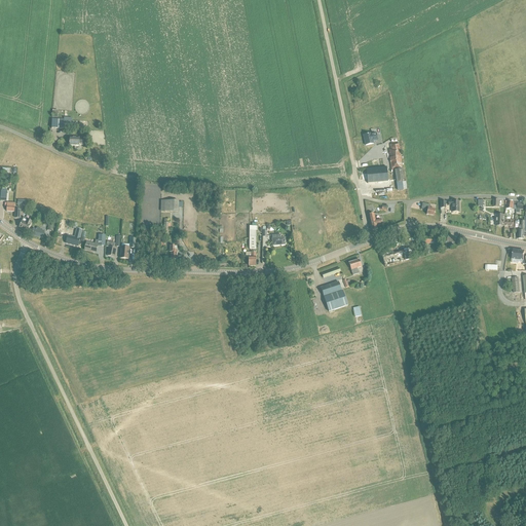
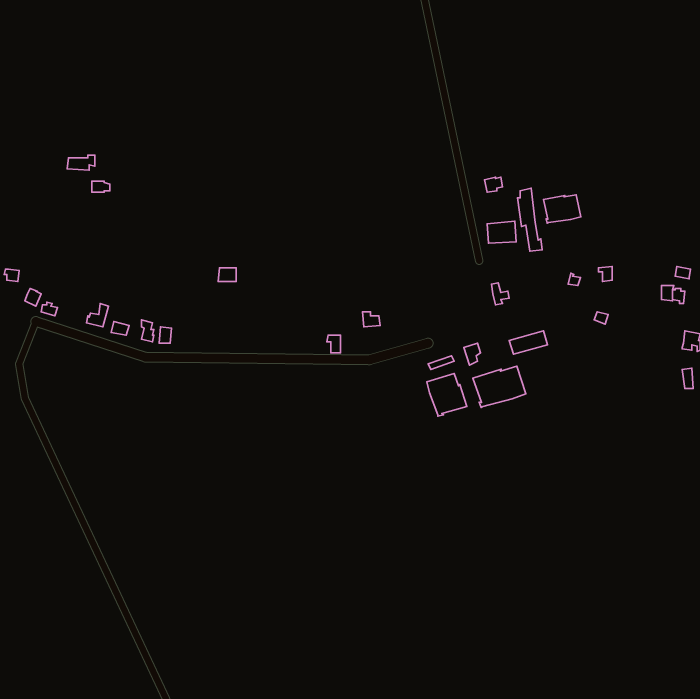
building: none -> [543,195,581,223]
building: none -> [473,366,526,408]

